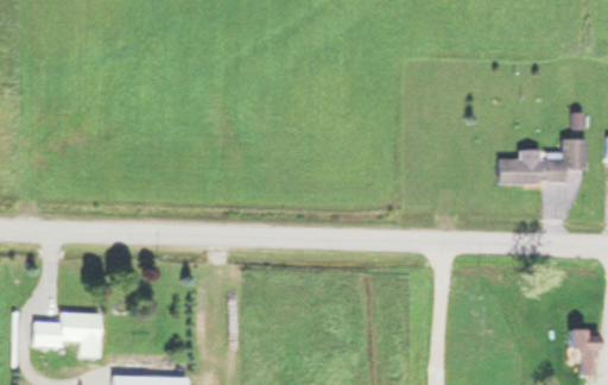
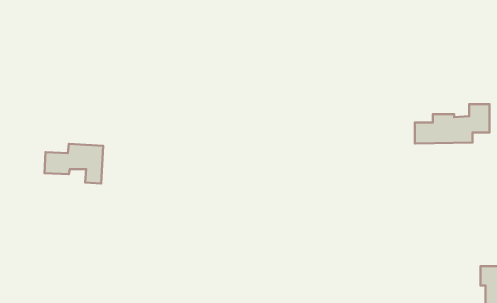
building: [31,311,100,358] -> [45,144,103,183]

